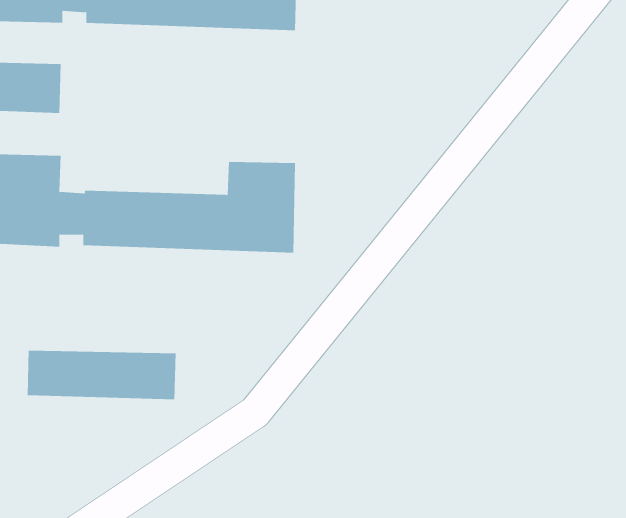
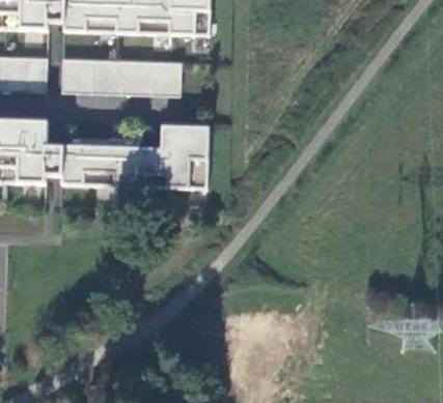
building: none -> [61,58,181,95]
building: [27,350,176,400] -> none

